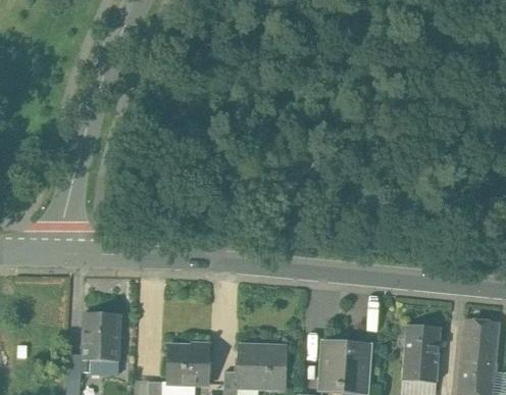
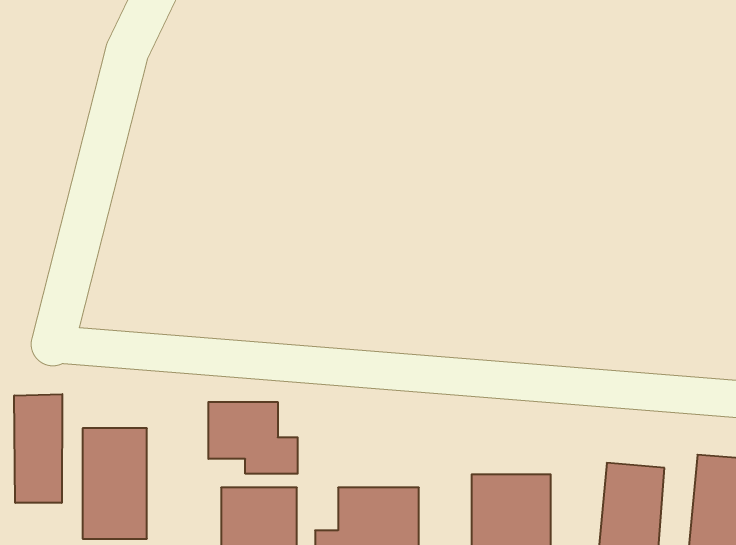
building: none -> [14,394,62,503]
building: none -> [208,402,298,474]

